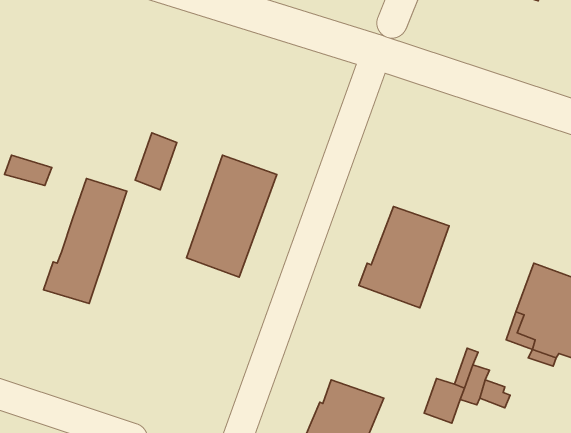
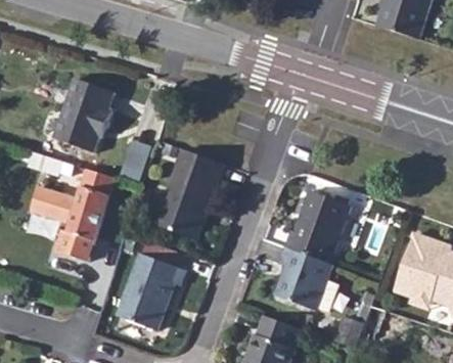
building: none -> [51,79,114,153]
building: none -> [31,187,73,223]
building: none -> [274,247,331,311]
building: none -> [121,256,185,331]

